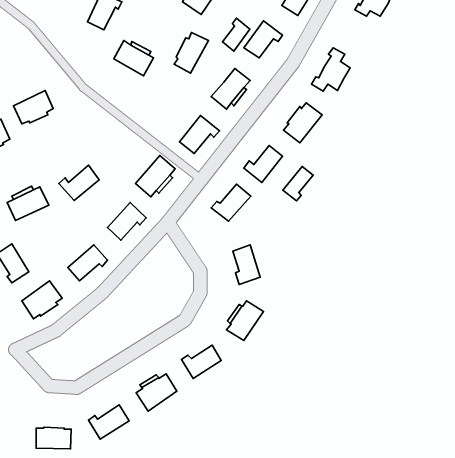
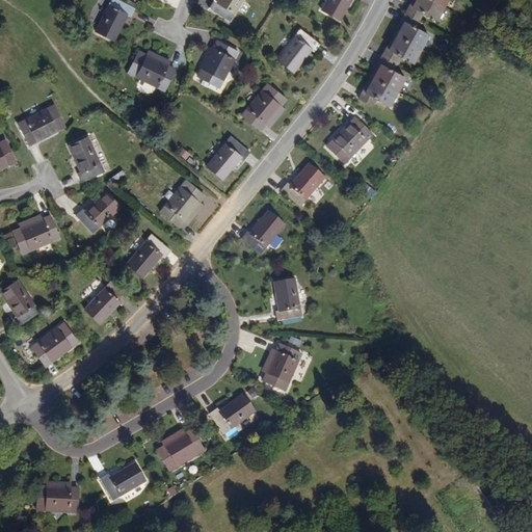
building: none -> [383,11,429,62]
building: [222,18,250,51] -> none
building: none -> [65,138,99,184]
building: [283,167,313,201] -> none

